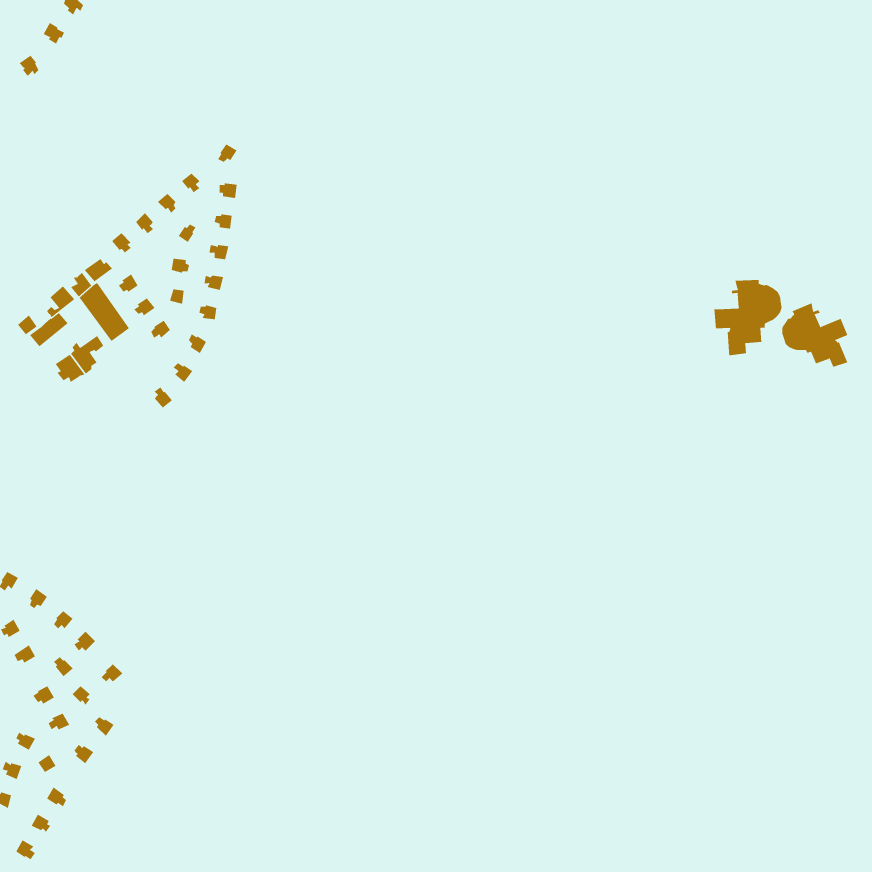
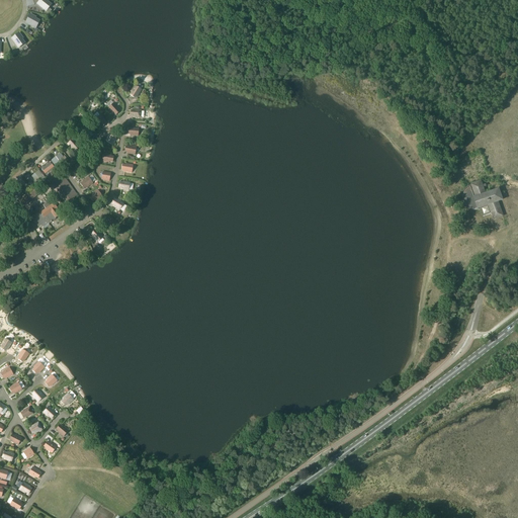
building: [714,279,782,356] -> none

